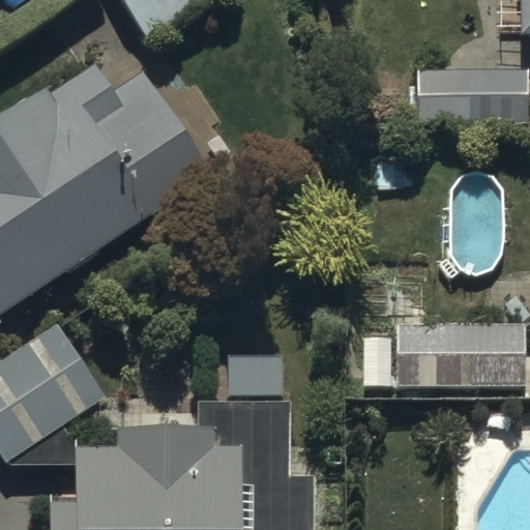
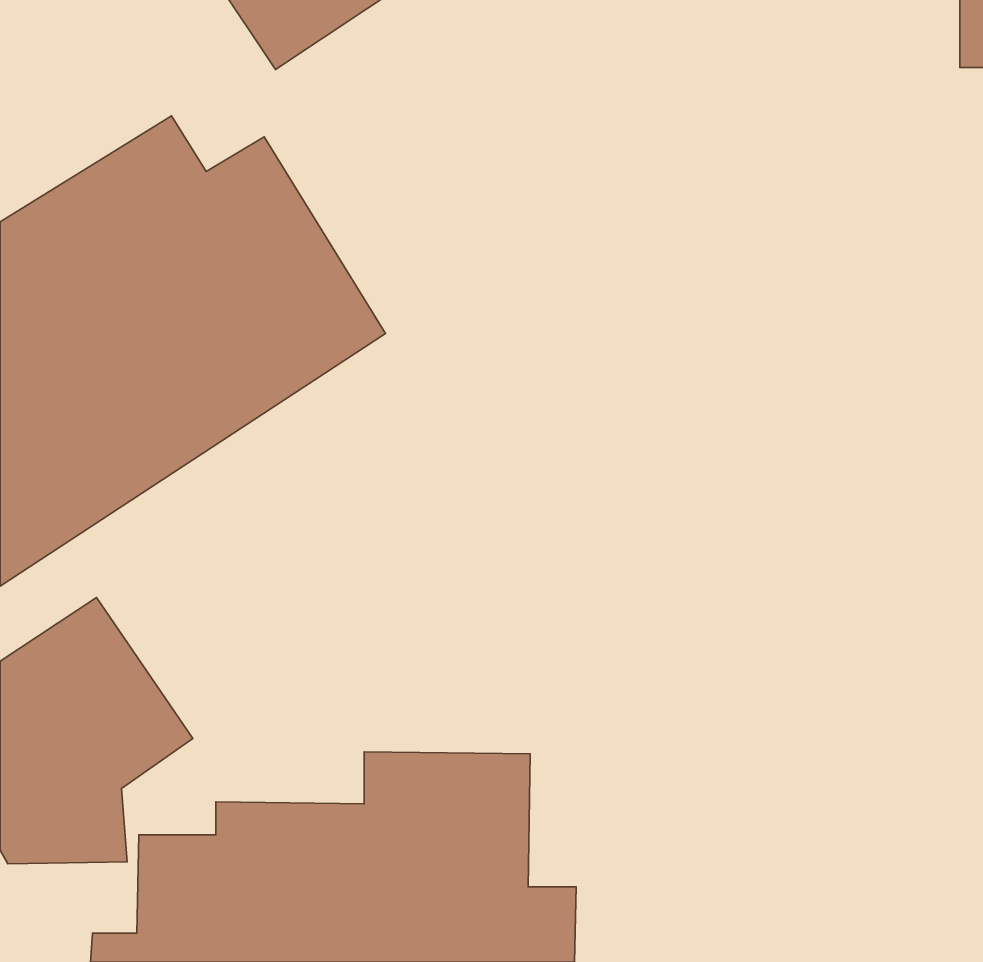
building: [414,54,525,123] -> none
building: [391,318,523,384] -> none

